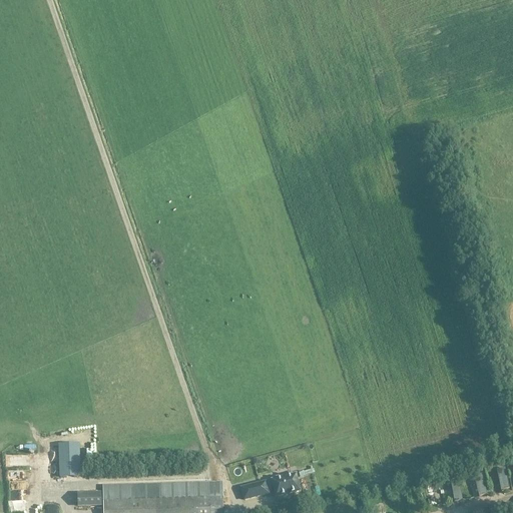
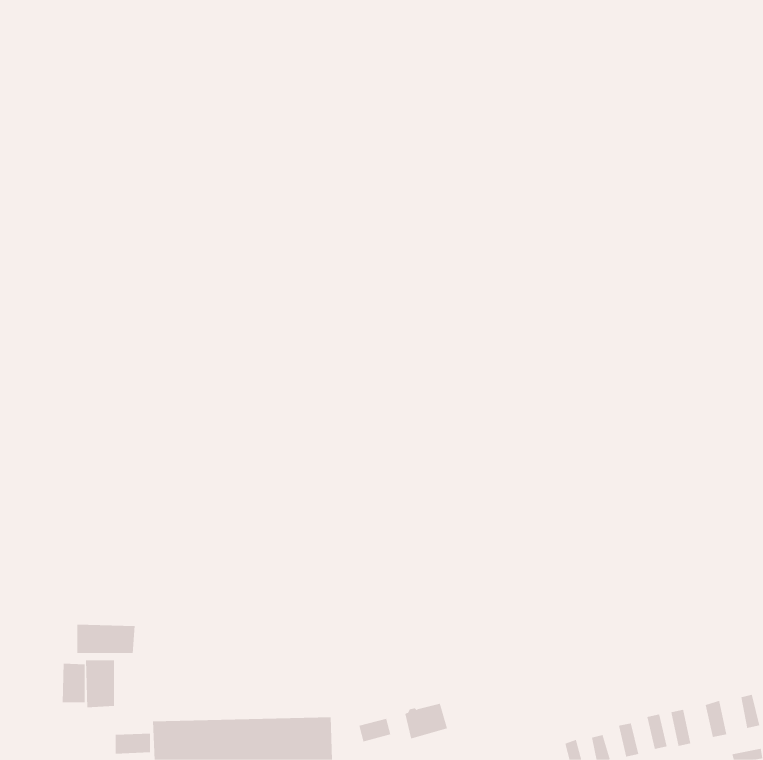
building: none -> [77,624,135,654]
building: none -> [62,663,85,703]

